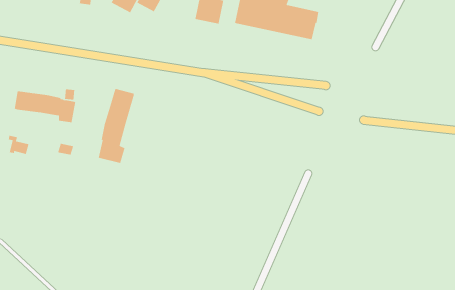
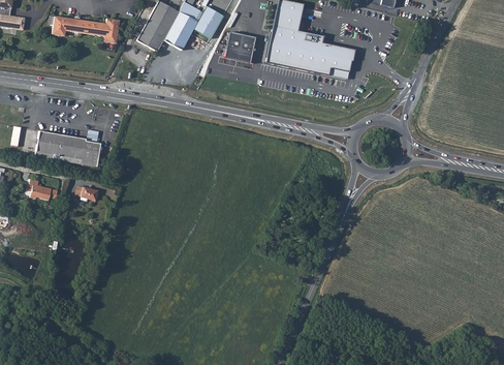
building: [98,88,135,164] -> none

